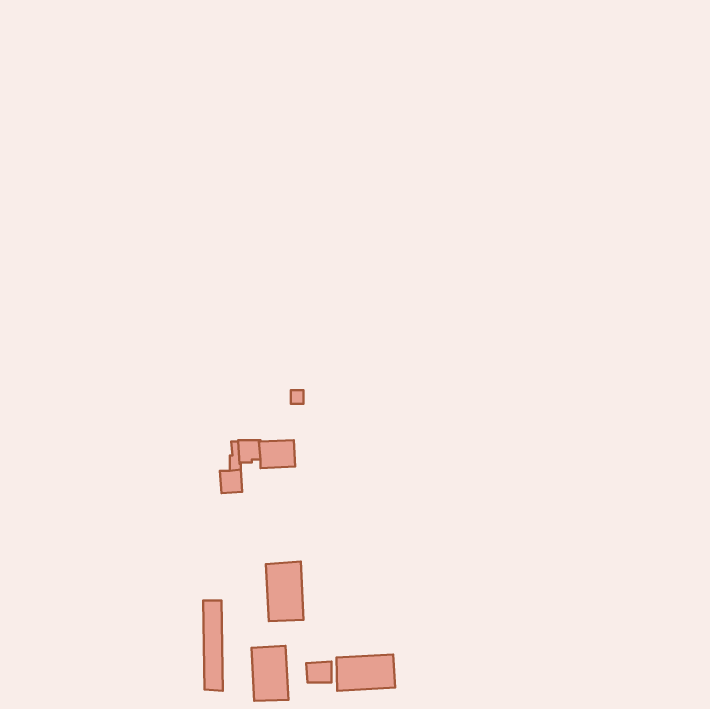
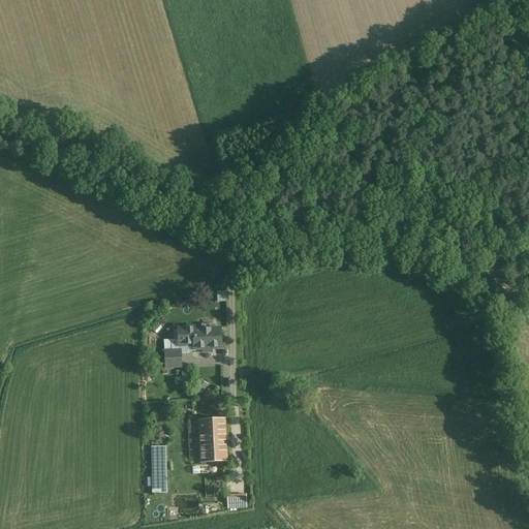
building: [251,646,289,701] -> none
building: [336,654,395,691] -> none

